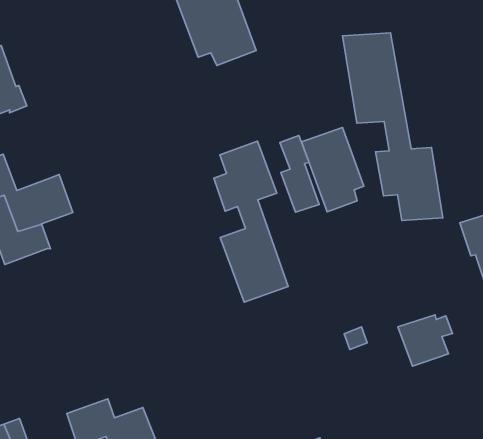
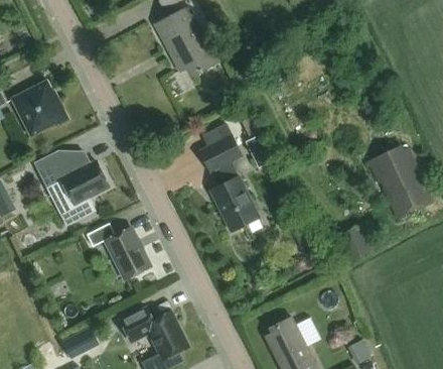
building: [343,33,443,220] -> none
building: [302,127,364,212] -> none
building: none -> [87,223,150,279]

